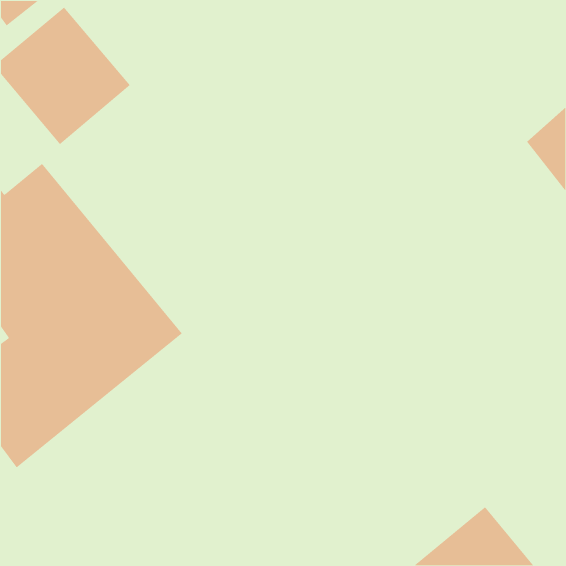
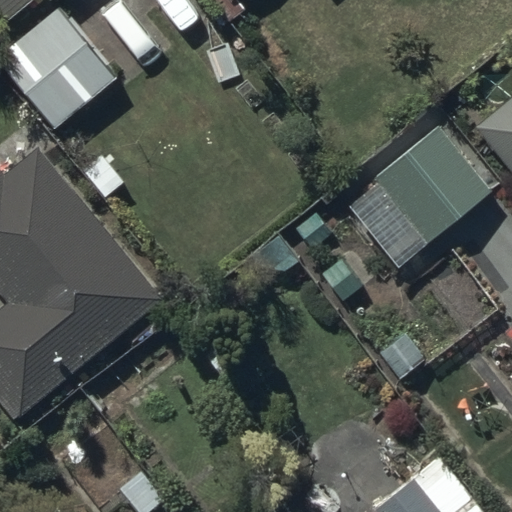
building: none -> [345,126,494,270]

